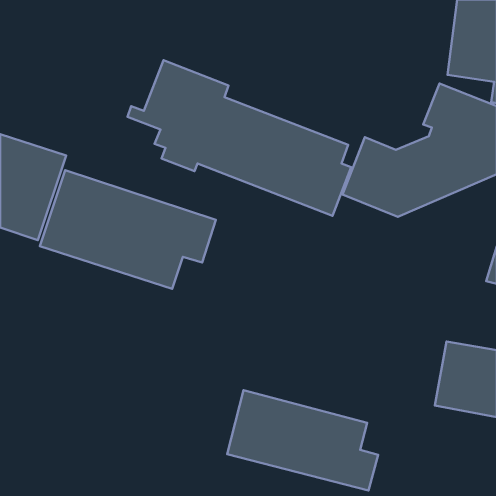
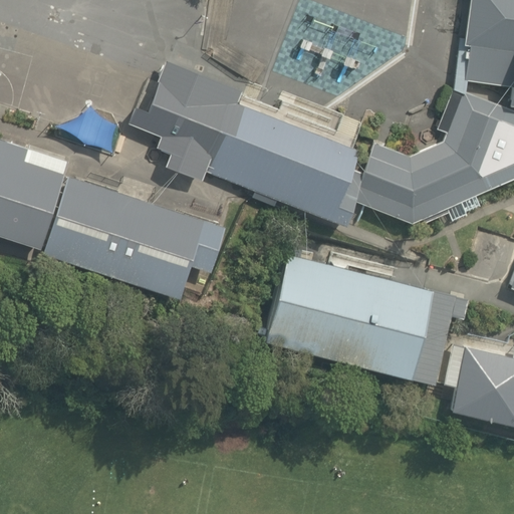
building: none -> [260,261,451,396]
building: [227,390,378,491] -> none

